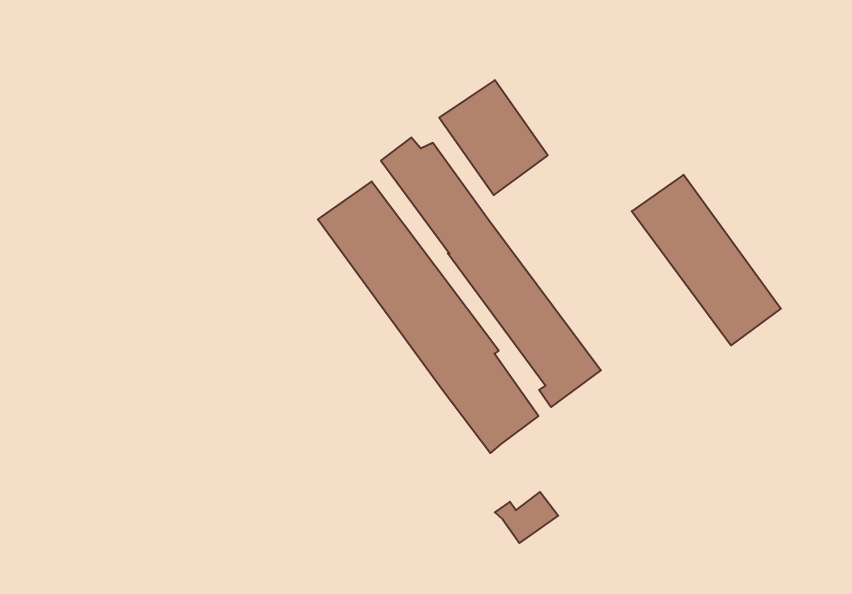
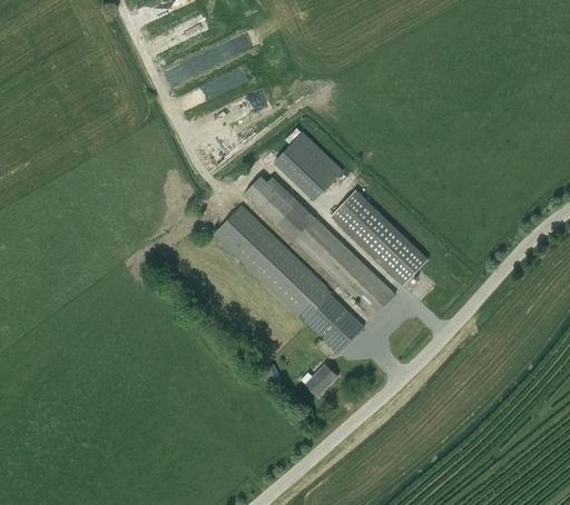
building: [632,175,781,345] -> [330,189,428,285]
building: [495,492,558,543] -> [299,363,337,395]

